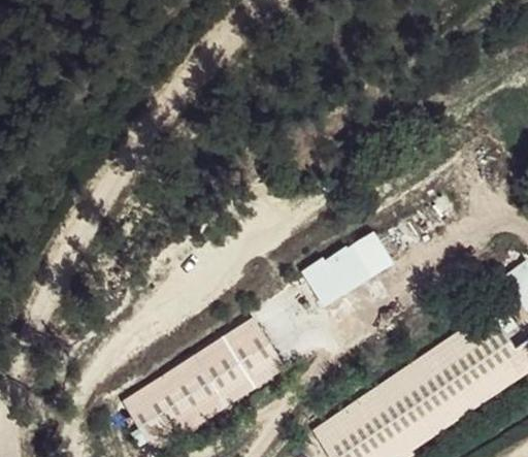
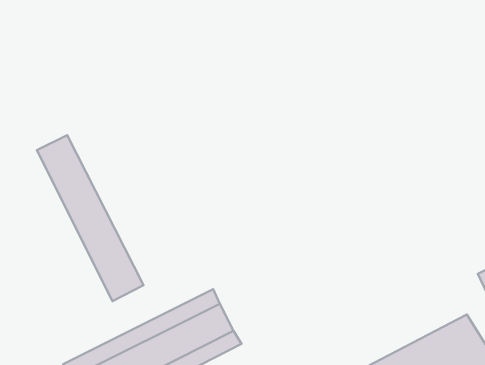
building: none -> [37,135,143,301]
building: [299,225,392,301] -> none

